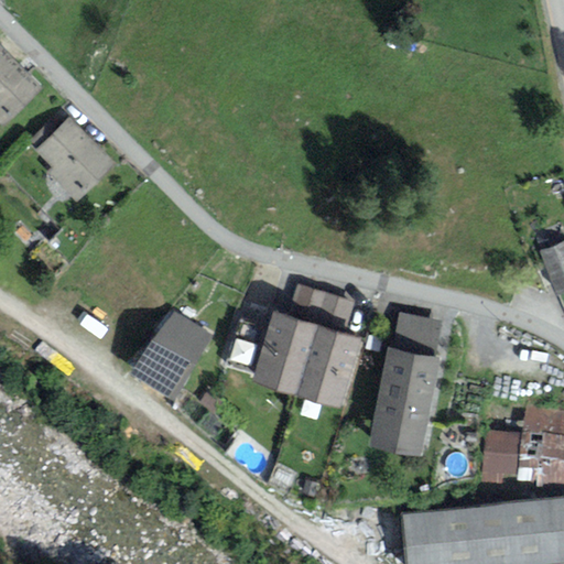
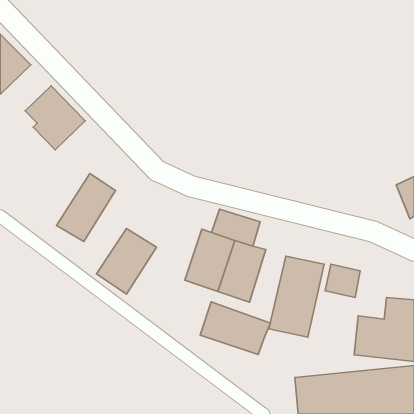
building: none -> [57,173,116,242]
building: [393,313,441,358] -> [325,264,360,297]
building: none -> [200,302,270,355]

